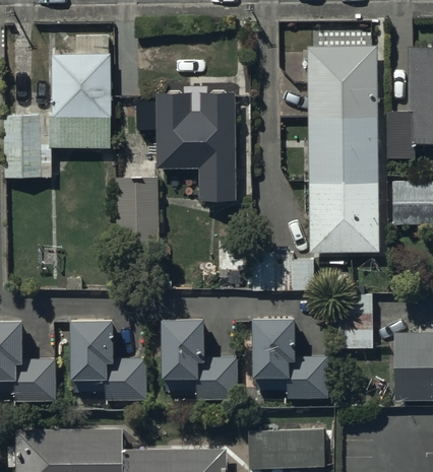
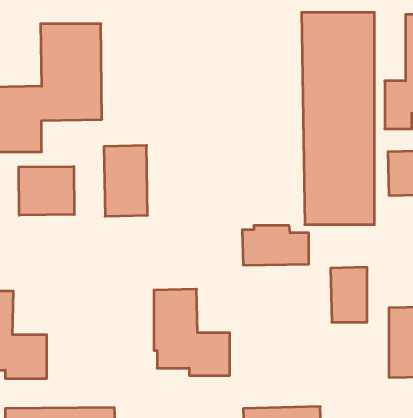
building: [158,91,236,200] -> none
building: none -> [19,166,74,215]
building: [254,315,329,400] -> none
building: [71,319,147,402] -> none

